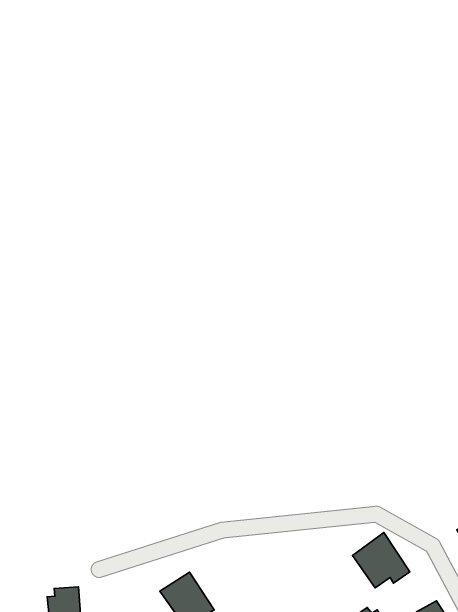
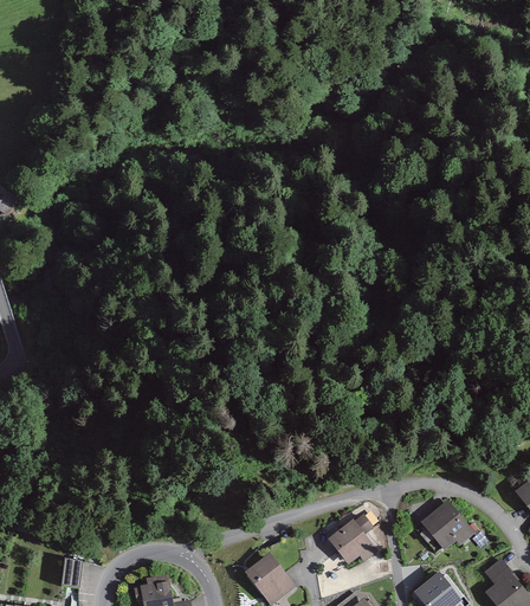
building: none -> [328,510,381,567]

